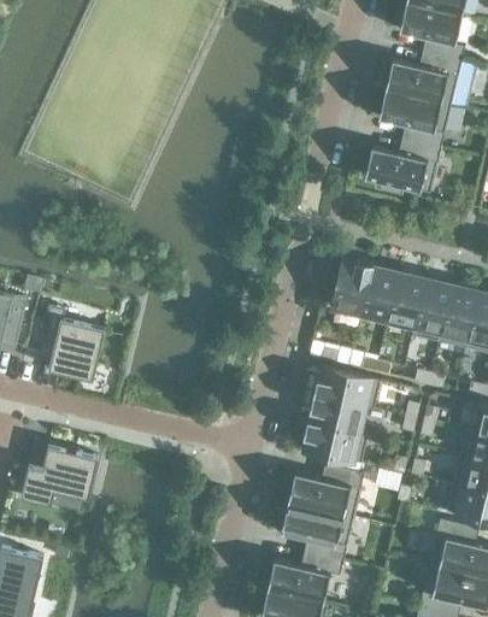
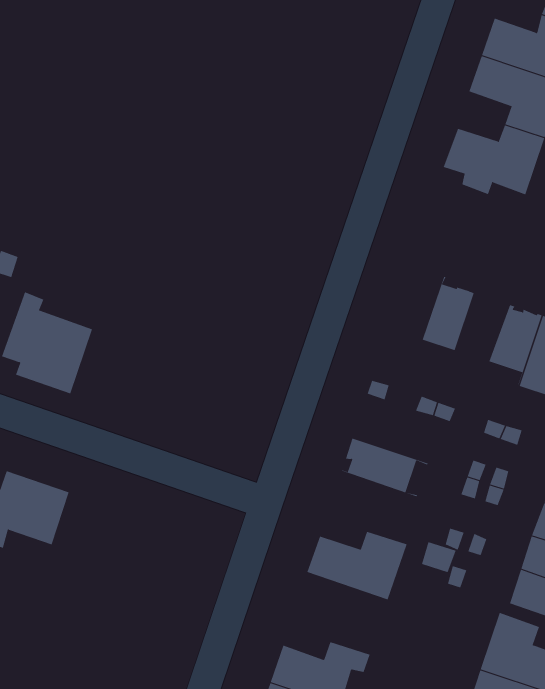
building: [333,258,372,312] -> none
building: [387,272,425,324] -> none
building: [313,366,381,407] -> none
building: [304,419,368,462] -> none
building: [281,500,353,559] -> none

